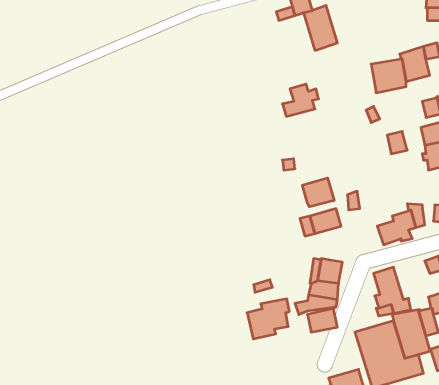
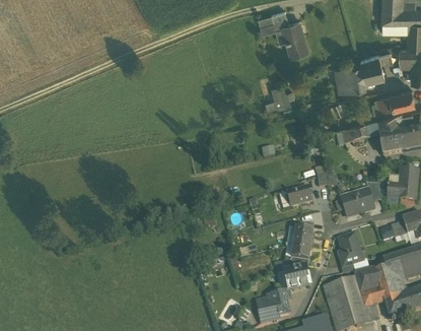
building: [302,178,334,207] -> none
building: [247,299,289,339] -> [256,289,290,322]

